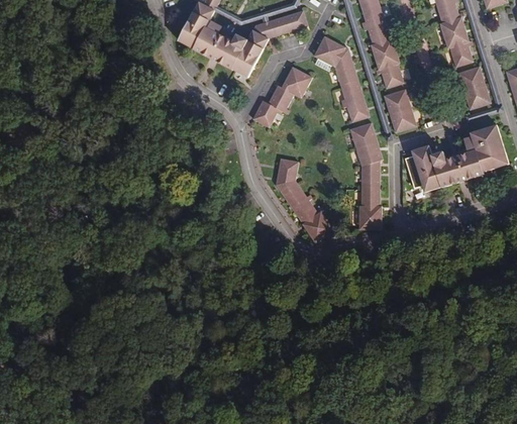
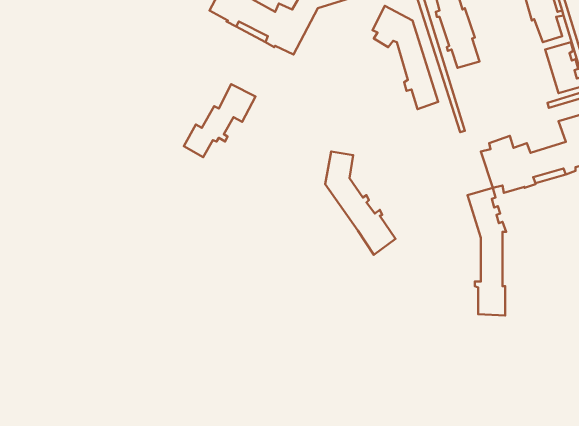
building: [253,67,313,127] -> [184,84,255,157]
building: [384,89,416,132] -> none
building: [350,123,383,229] -> [467,188,506,315]

